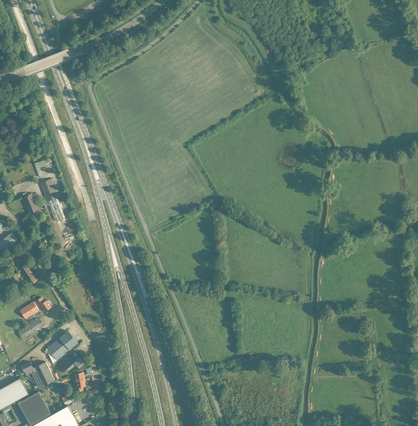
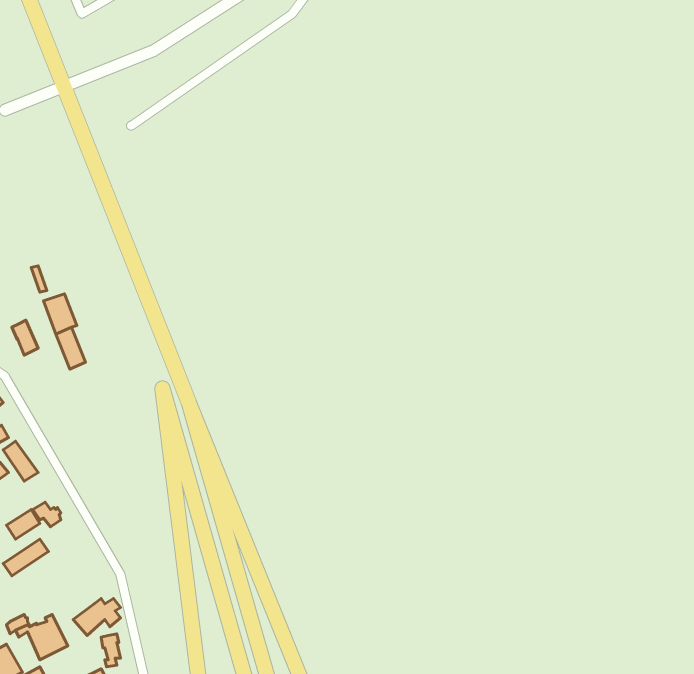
building: [45,331,77,364] -> none

